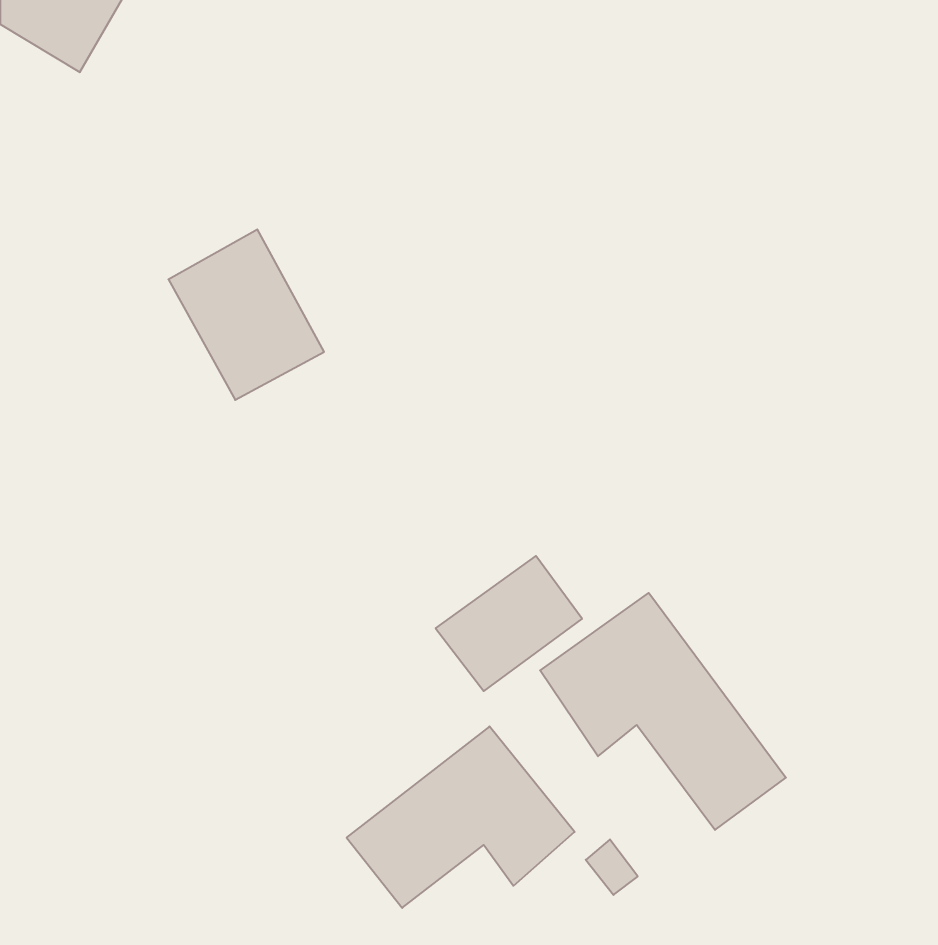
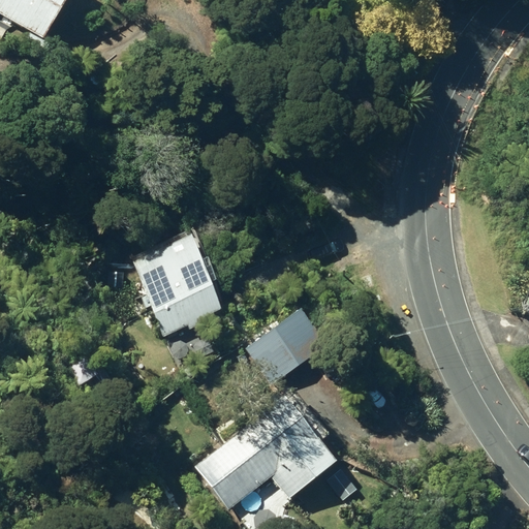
building: [168,229,324,400] -> [128,235,215,330]
building: [540,593,786,830] -> none

